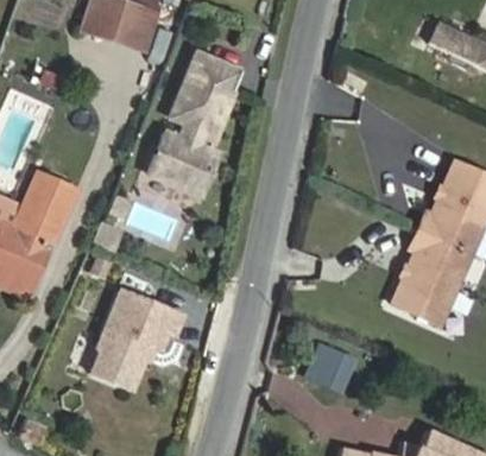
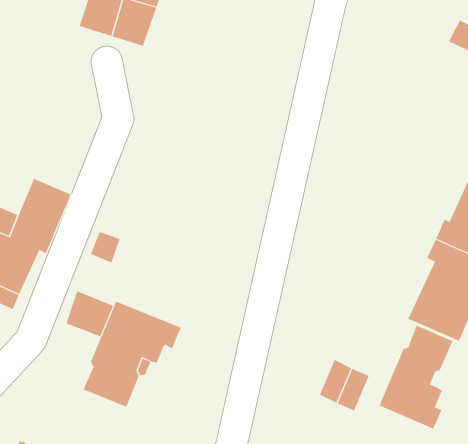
building: [146,53,240,194] -> none
building: none -> [66,290,114,337]
building: none -> [379,325,453,430]

